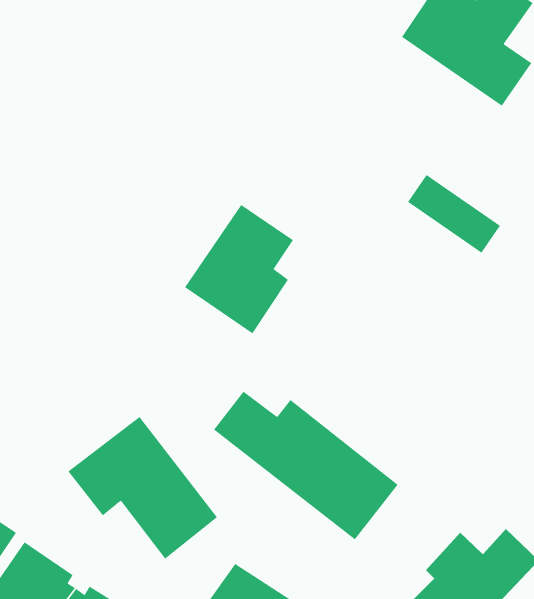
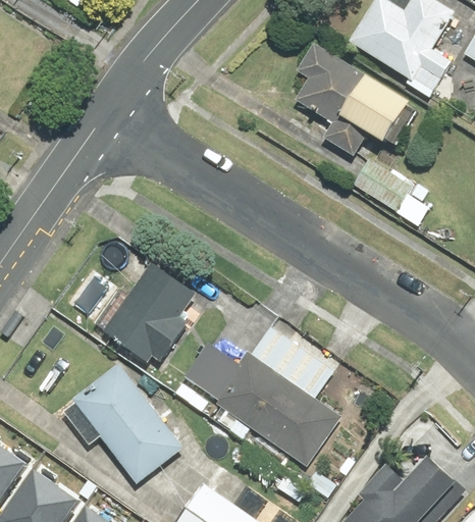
building: none -> [288,34,427,162]
building: [184,204,294,334] -> [102,261,195,371]

